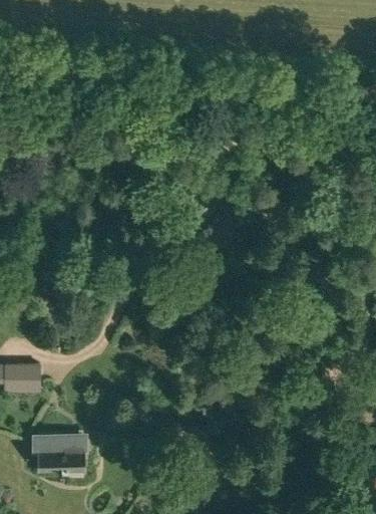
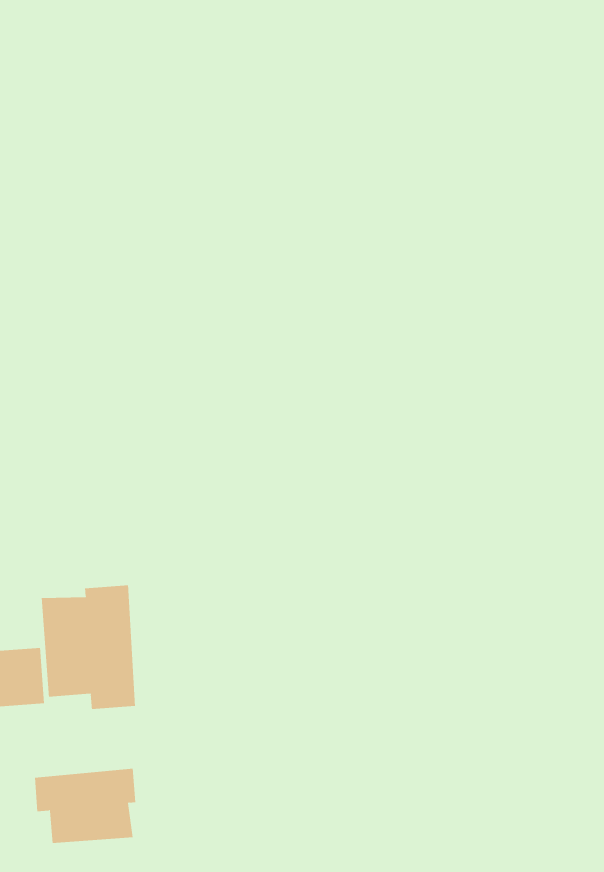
building: none -> [41,584,135,710]

